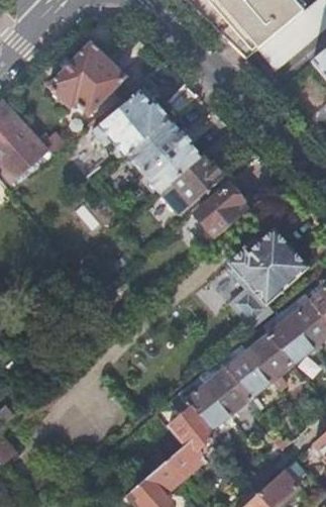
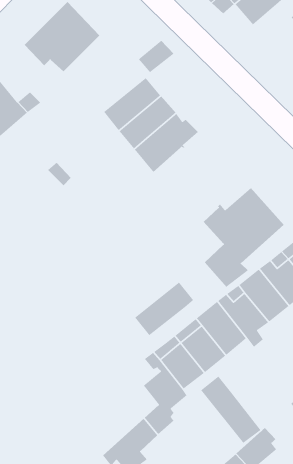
building: [93,91,171,157] -> none
building: [196,185,246,240] -> none
building: none -> [134,281,194,336]
building: none -> [200,375,261,444]

